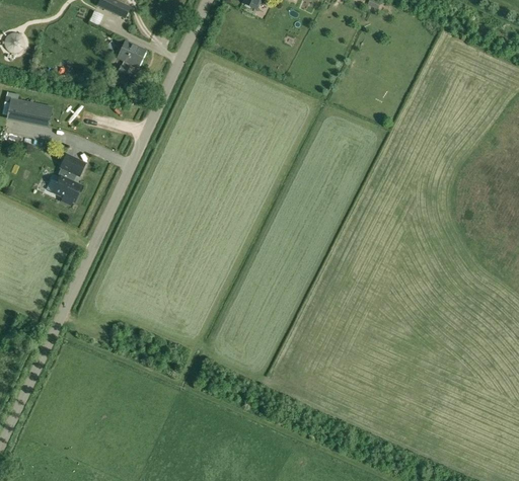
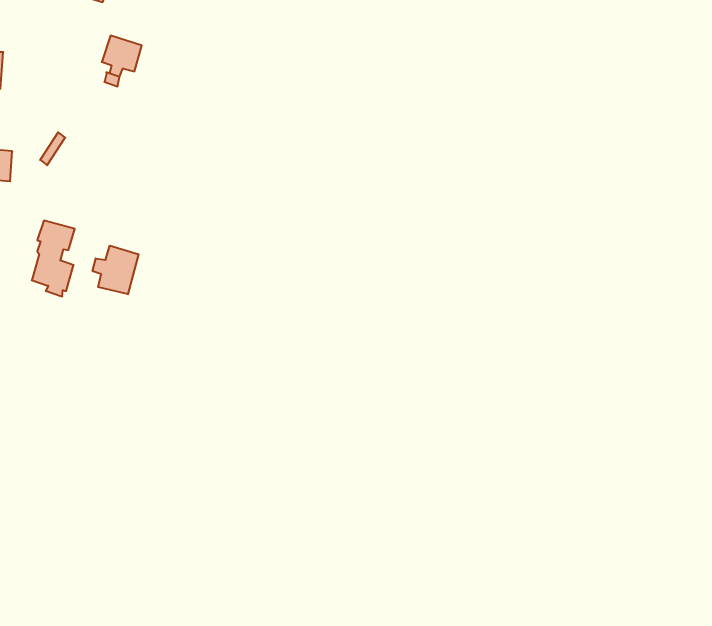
building: none -> [93,246,139,294]

